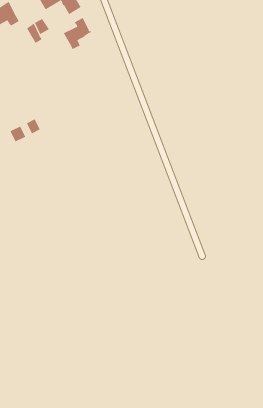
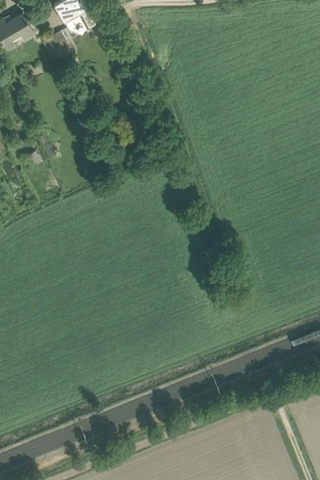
building: [63,17,91,50] -> none

